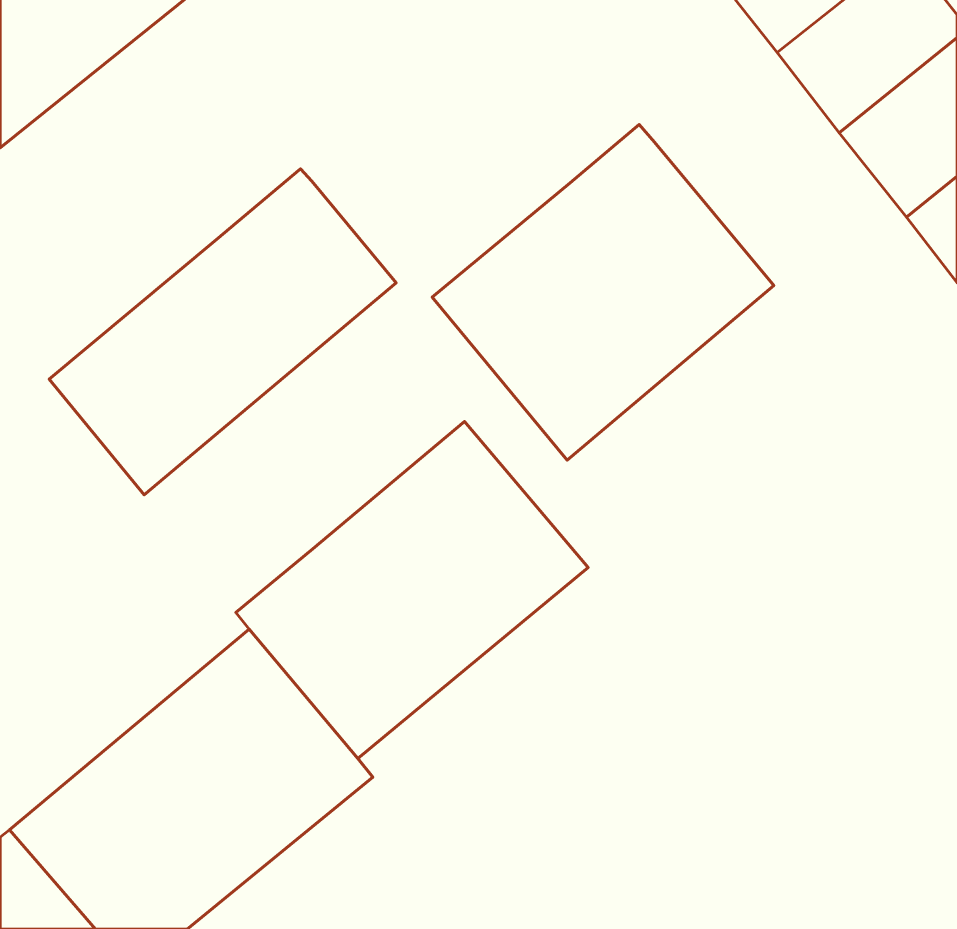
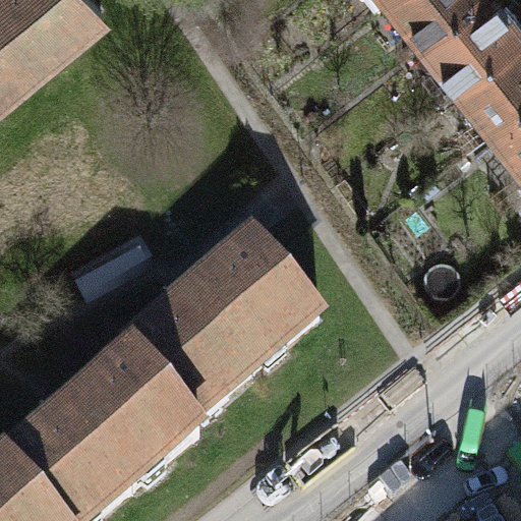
building: [432,124,774,460] -> none
building: [49,169,396,495] -> none

